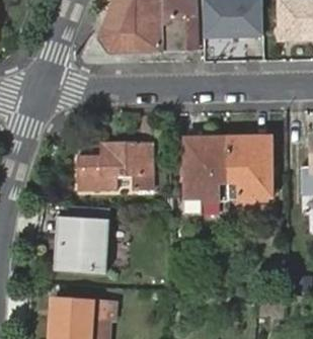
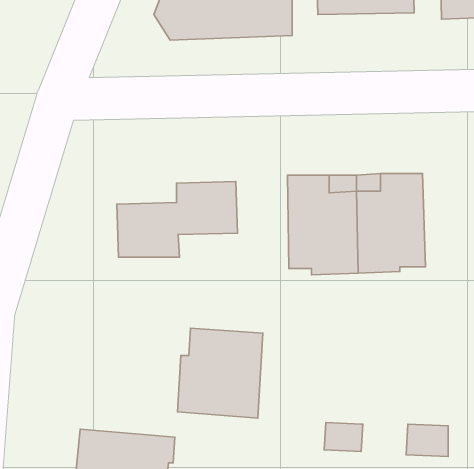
building: [54,217,107,273] -> [177,328,263,418]

